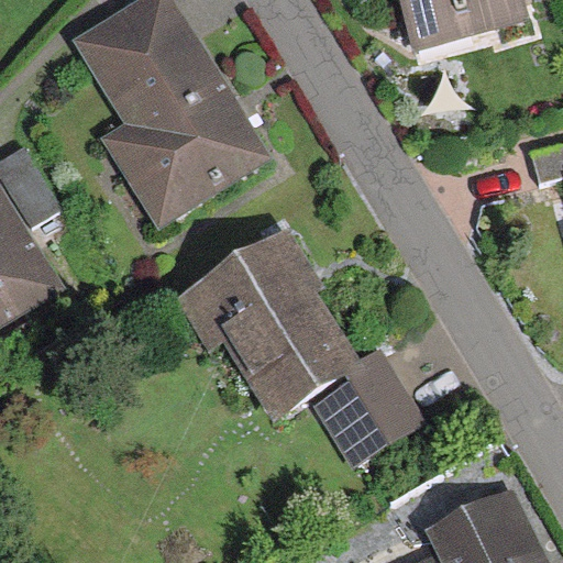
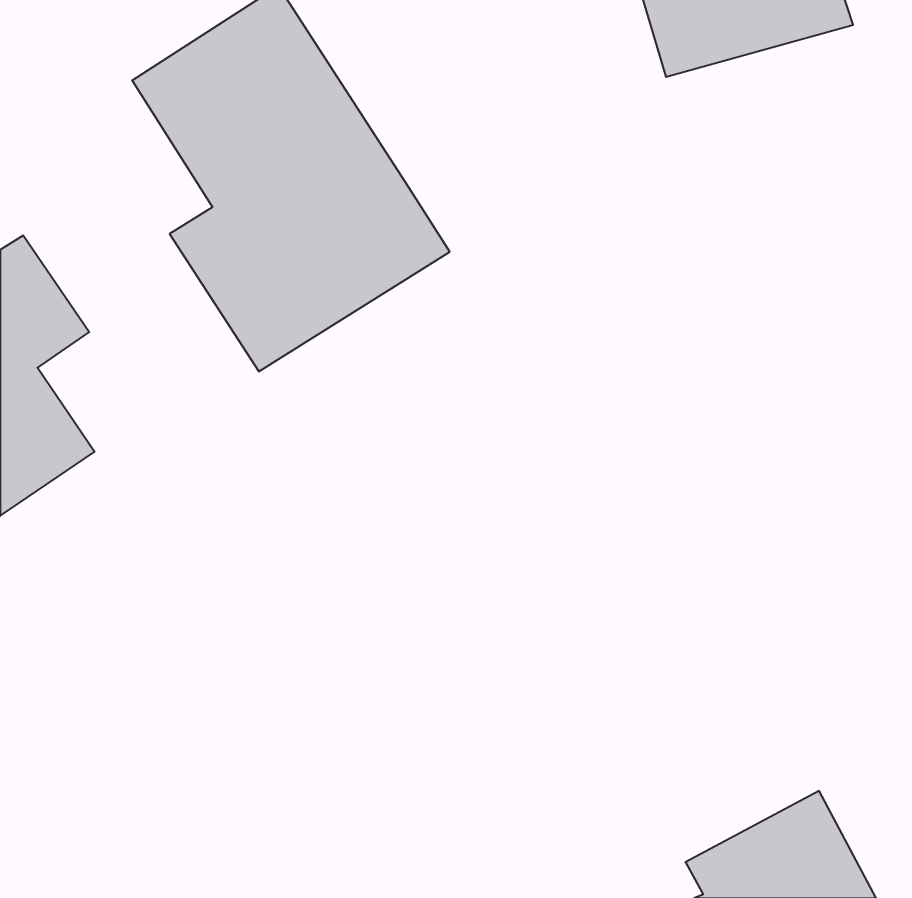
building: [175,239,411,453] -> none

